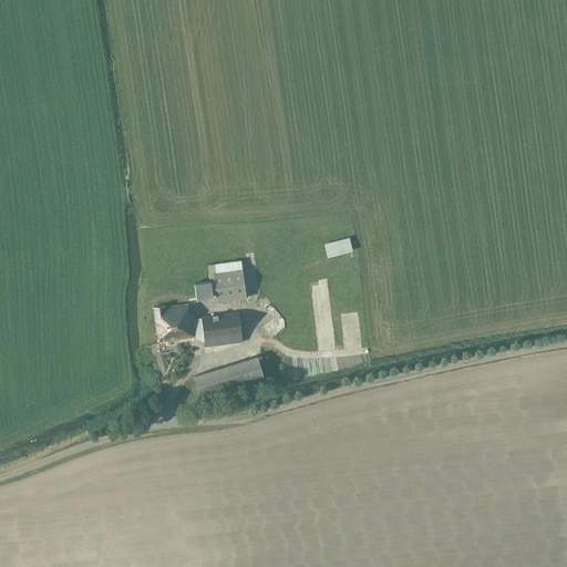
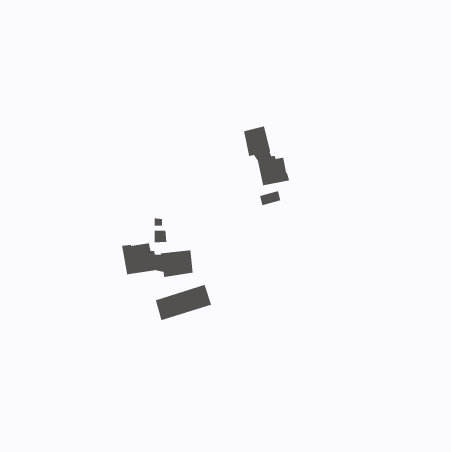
building: none -> [243,125,290,186]
building: [209,260,247,301] -> none

